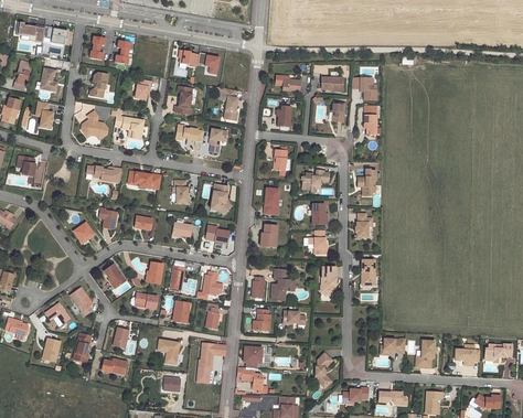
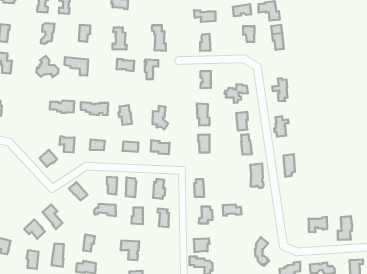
building: [271,268,295,300] -> none
building: [196,342,225,377] -> none

